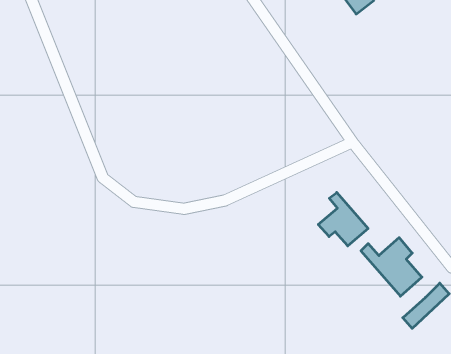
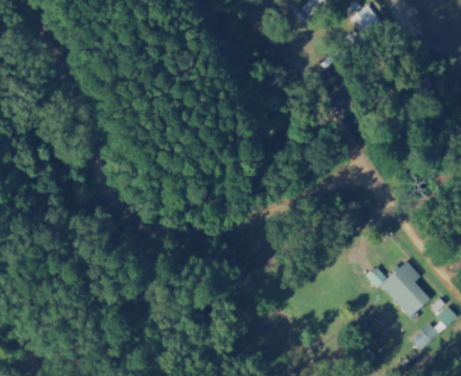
building: [318,192,368,246] -> none

